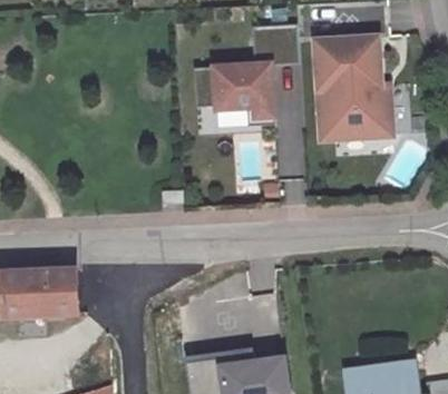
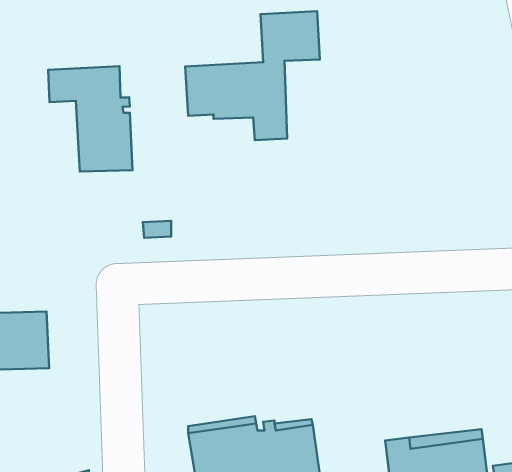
building: [310,42,384,144] -> none
building: none -> [48,66,132,172]

